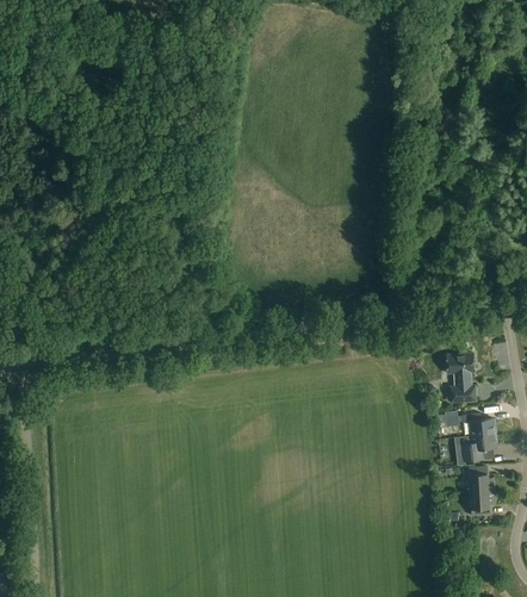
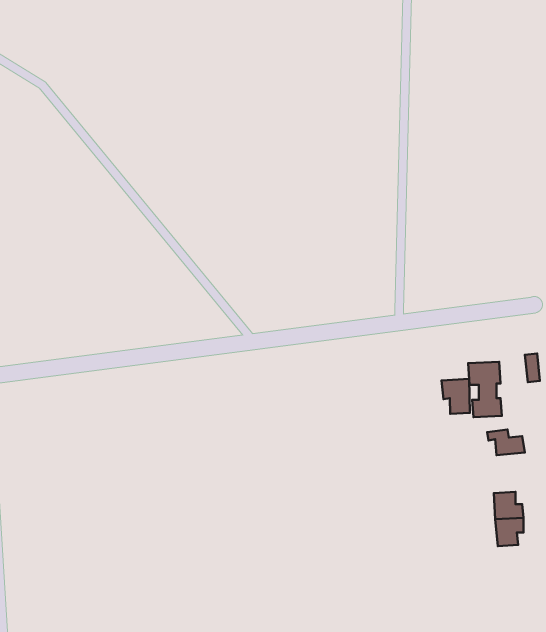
building: none -> [442,379,470,414]
building: [461,433,495,461] -> none

